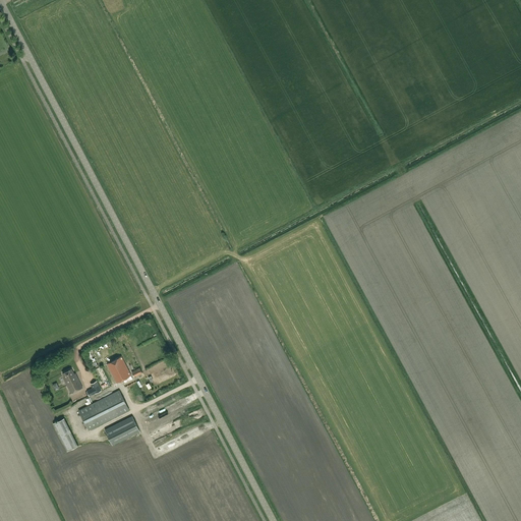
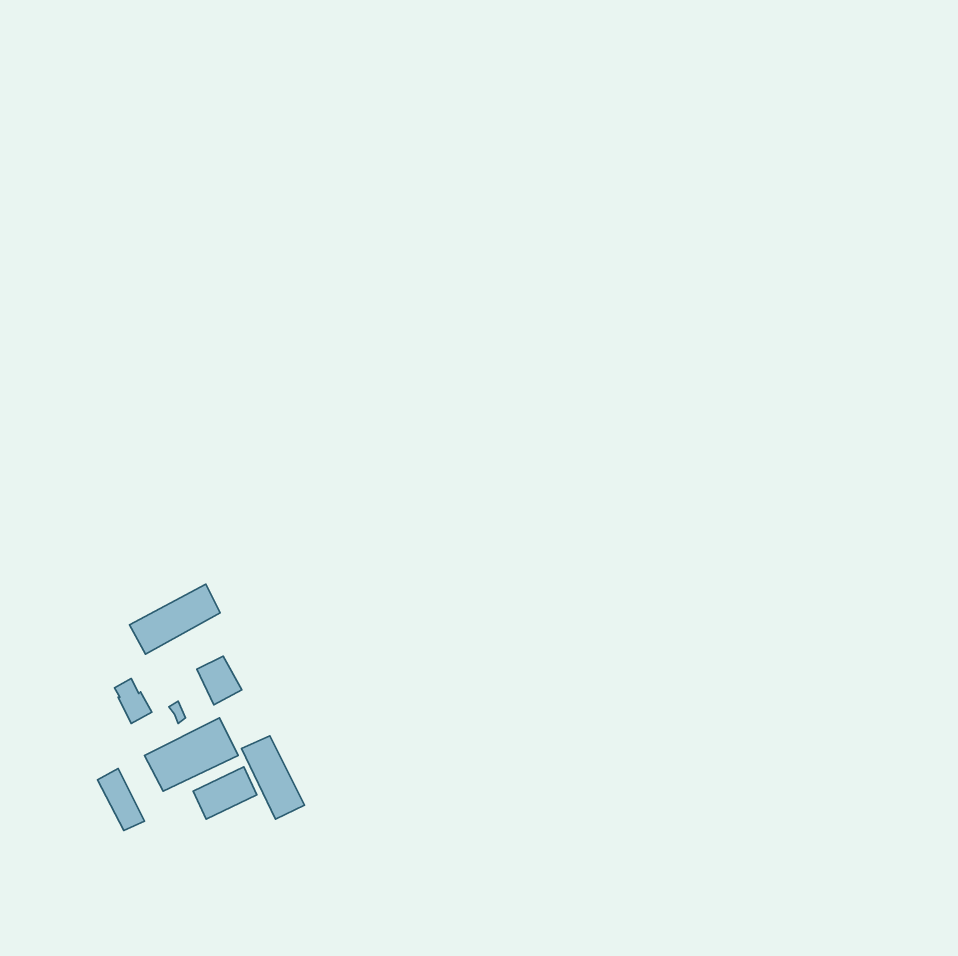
building: none -> [130,584,220,654]
building: none -> [241,736,305,819]

